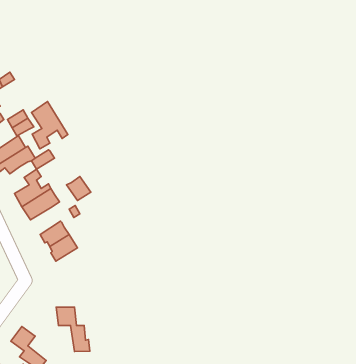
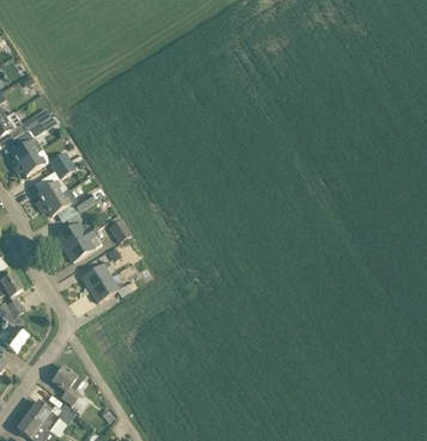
building: [31,102,68,149] -> none
building: [56,307,90,352] -> none

